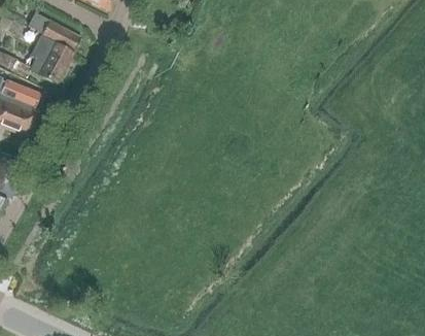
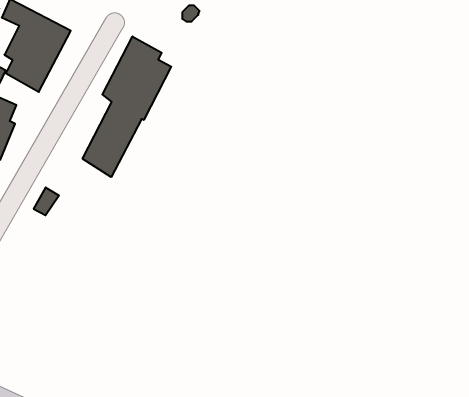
building: none -> [83,36,171,177]

